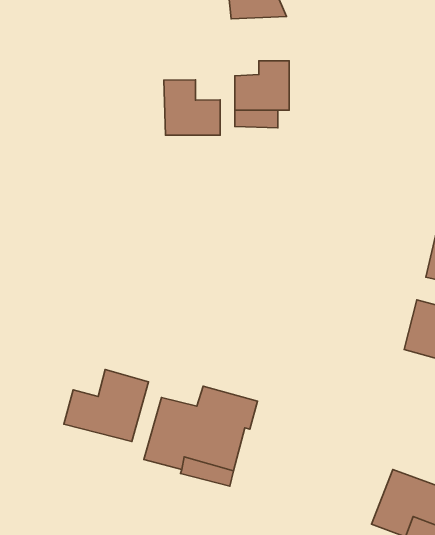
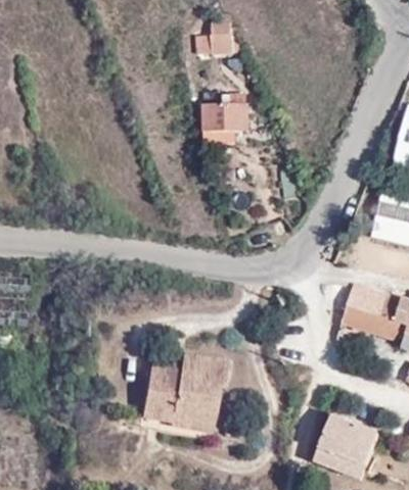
building: [164,80,220,135] -> none
building: [64,369,148,441] -> none

